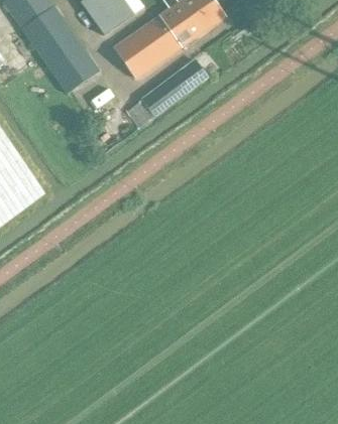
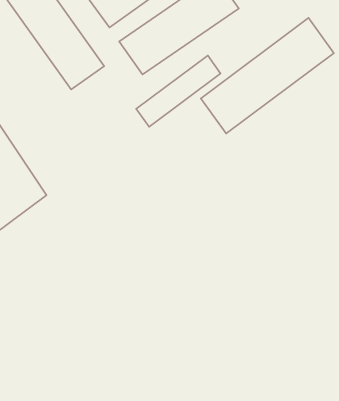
building: none -> [201,18,334,134]

